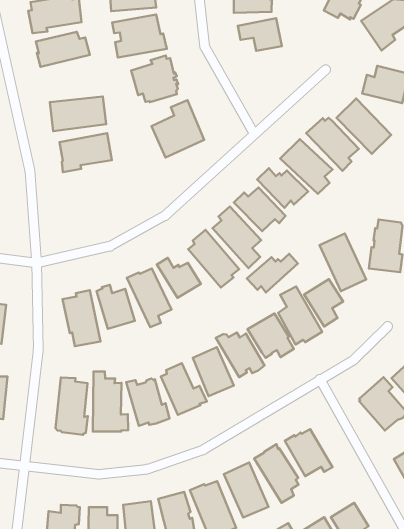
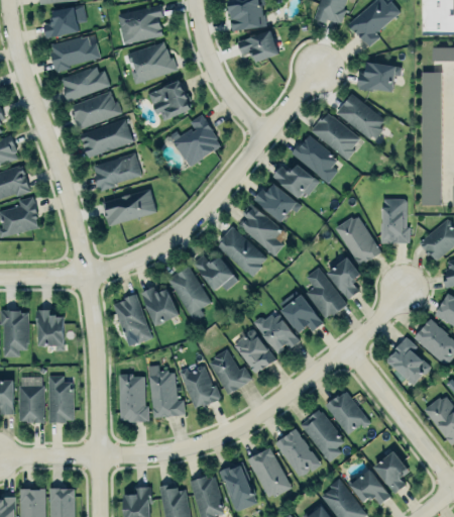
building: none -> [69,91,119,130]
building: none -> [102,190,156,226]
building: [247,254,298,292] -> none

